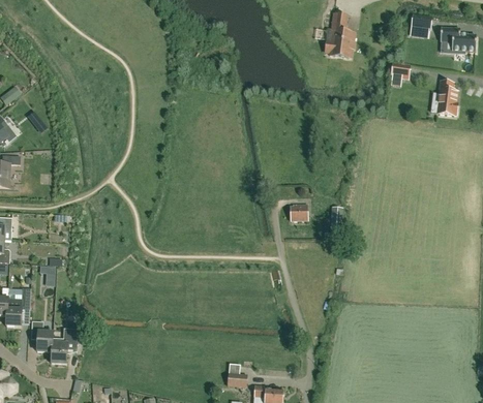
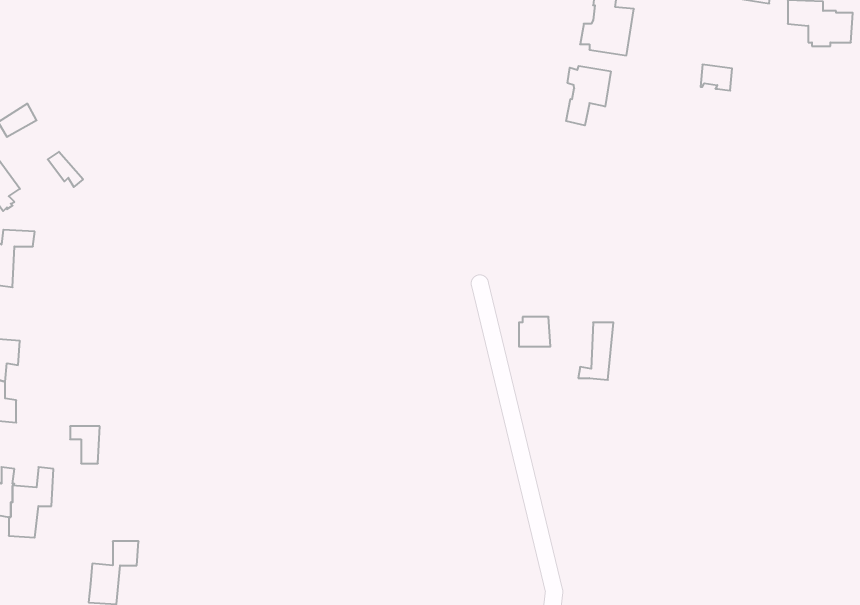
building: none -> [566,66,611,125]
building: [432,81,458,115] -> none
building: [31,321,53,352] -> none

